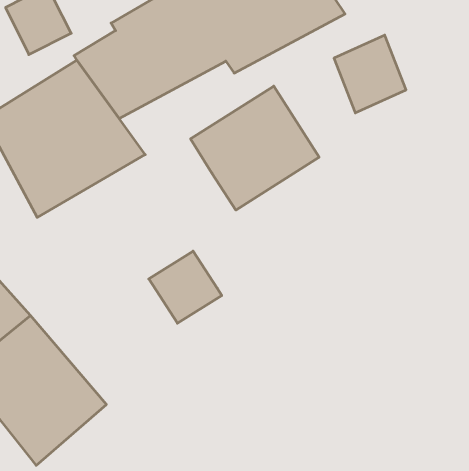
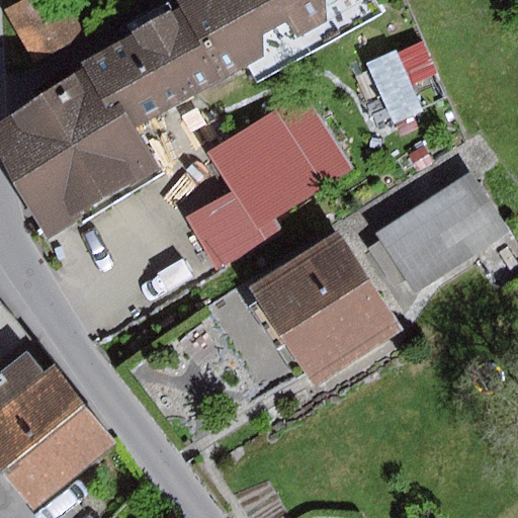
building: none -> [375,172,506,291]
building: none -> [250,233,399,386]
building: [149,251,222,323] -> [183,189,263,268]

